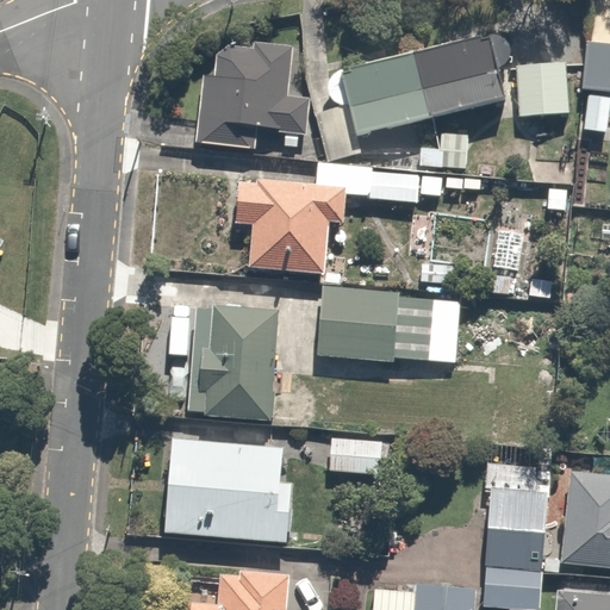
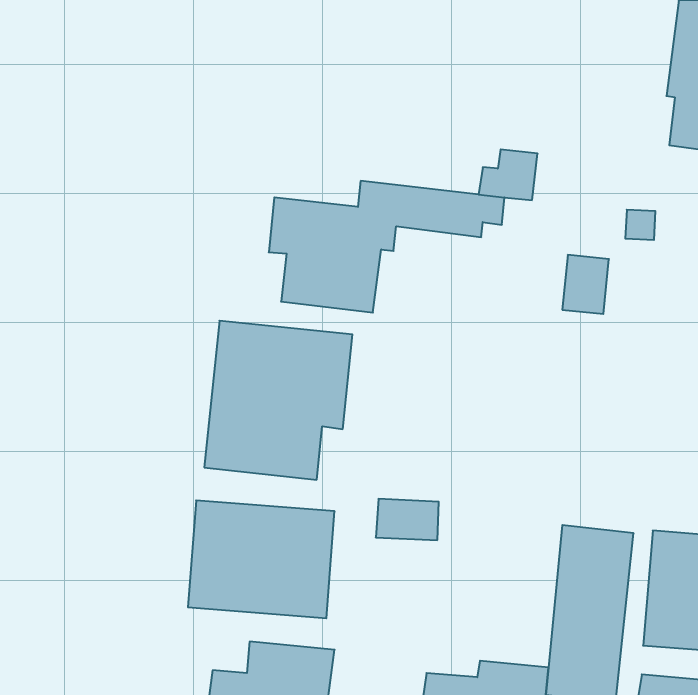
building: [318,32,498,160] -> none
building: [192,39,309,161] -> none
building: [511,61,573,127] -> none
building: [318,287,483,369] -> none

